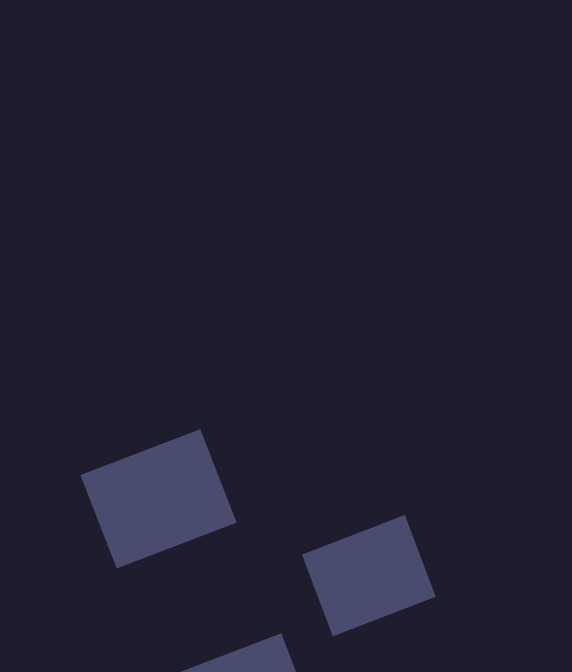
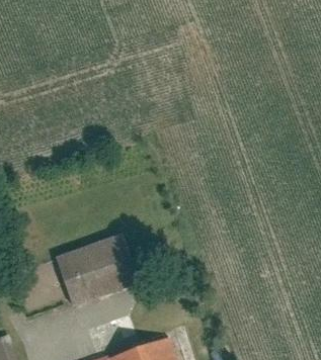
building: [301,514,437,637] -> none

